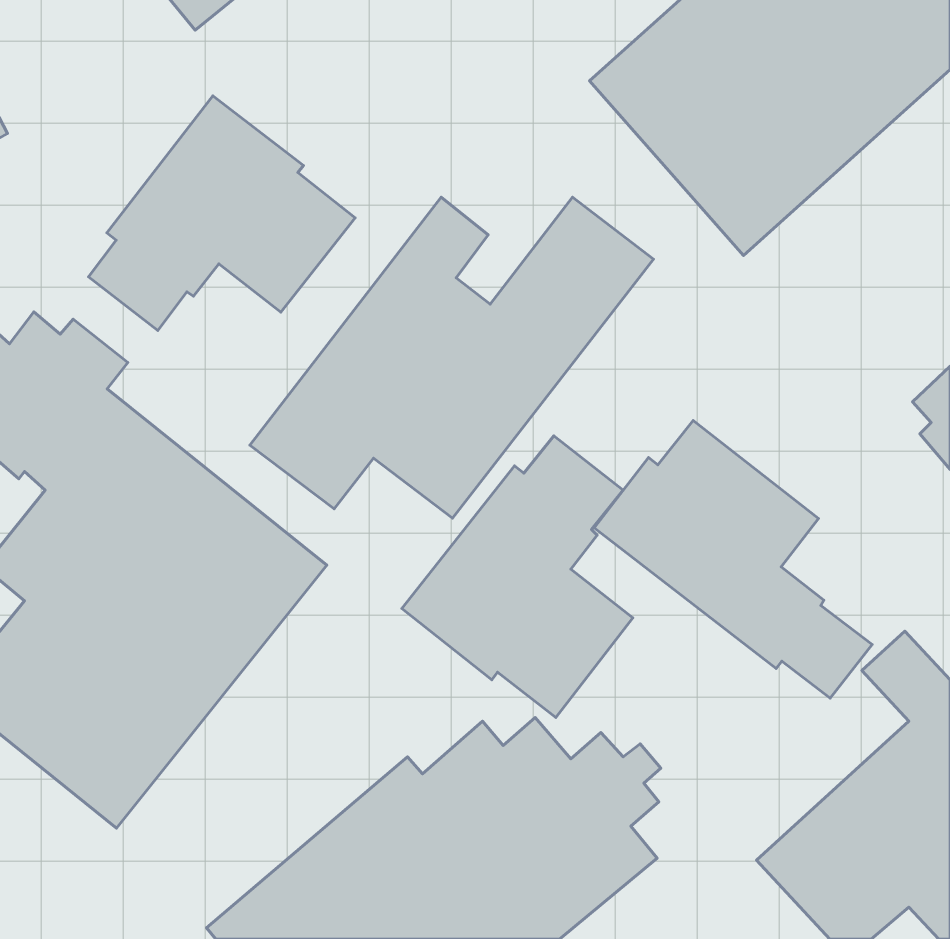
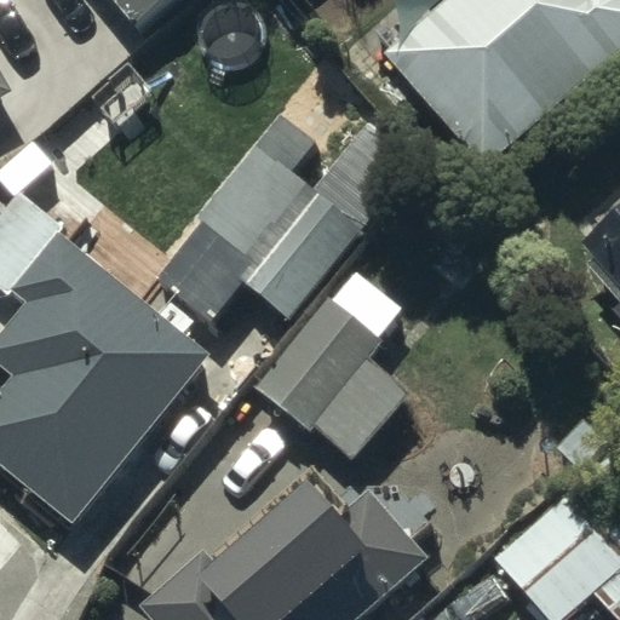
building: [88,96,355,331] -> none
building: [594,421,872,698] -> none

